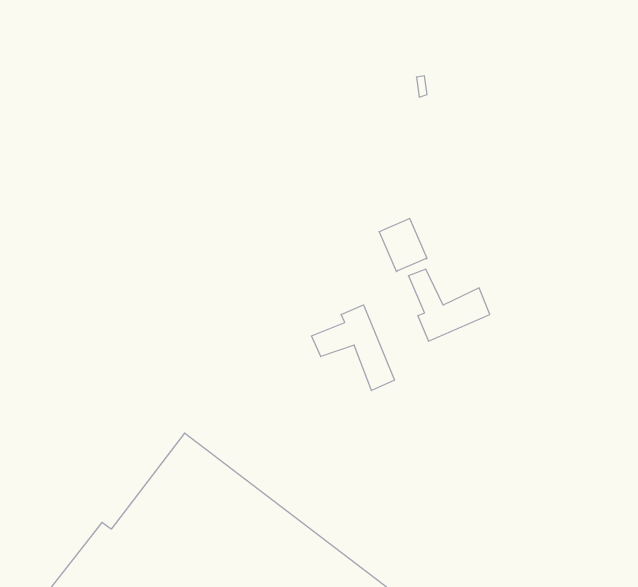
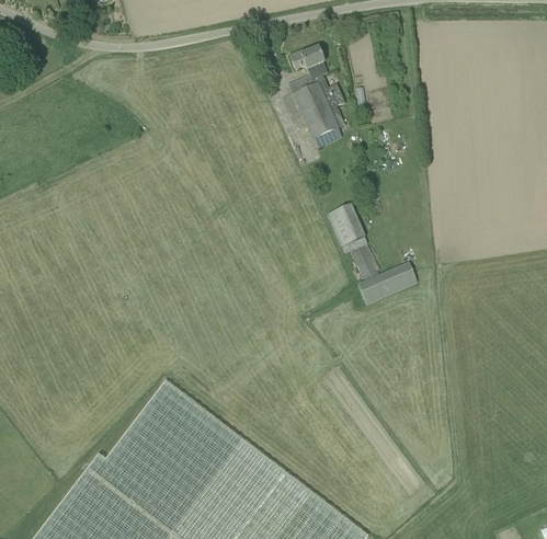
building: none -> [287,50,344,142]
building: [311,305,395,391] -> none

